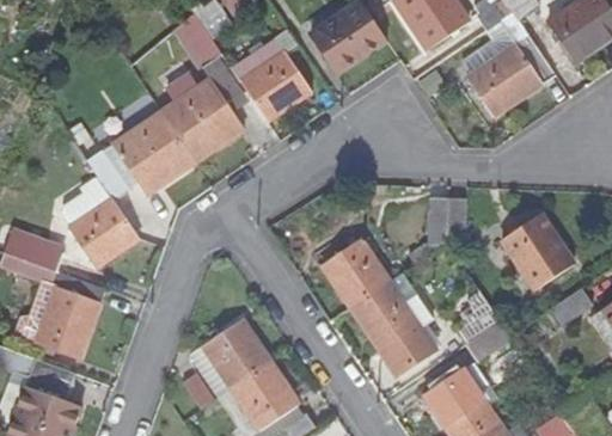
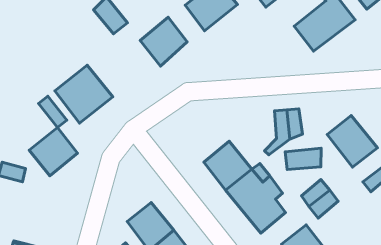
building: [161,79,241,160] -> none
building: none -> [285,148,321,170]
building: [35,276,102,358] -> none

